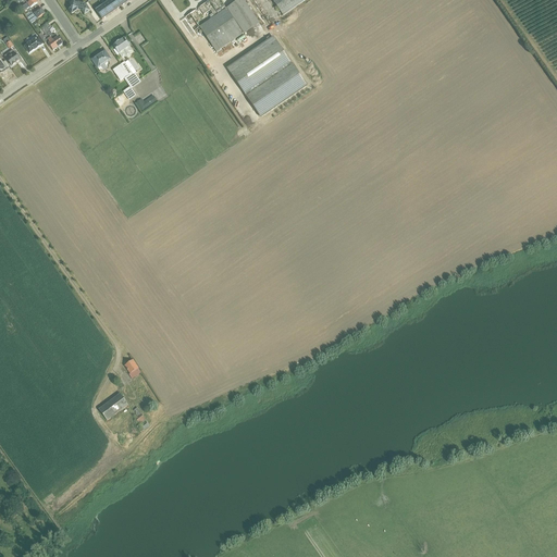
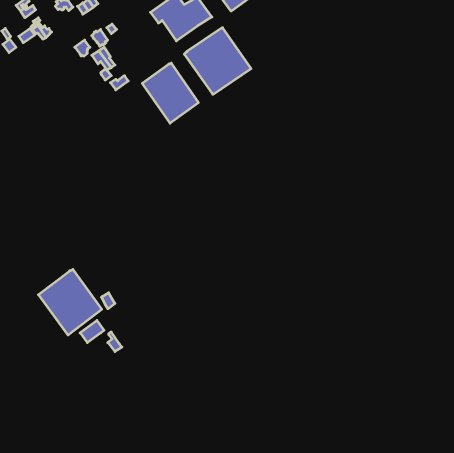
building: none -> [142,63,198,123]
building: none -> [38,269,102,335]

